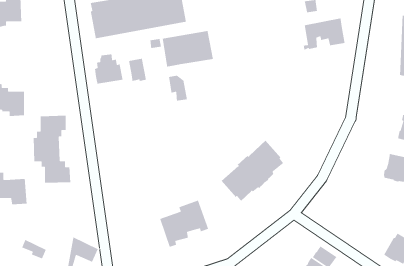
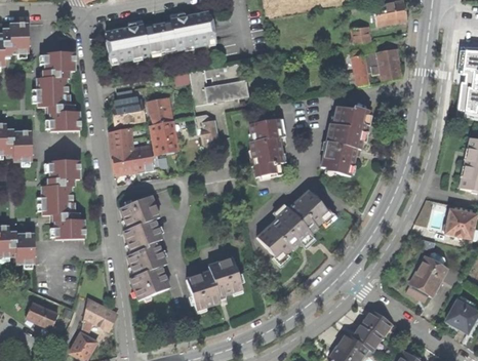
building: none -> [35,53,79,132]
building: none -> [321,108,369,176]
building: none -> [248,120,282,177]
building: none -> [152,122,176,156]
building: none -> [109,129,153,175]
building: none -> [120,197,169,303]
building: none -> [409,252,461,296]

